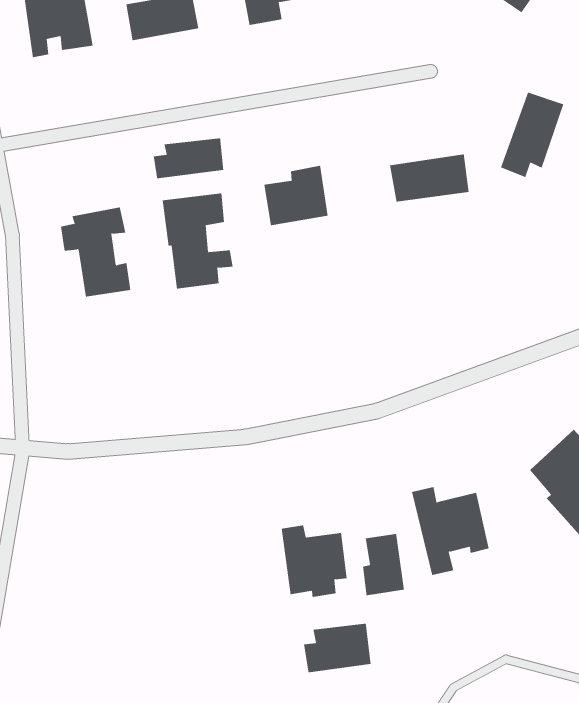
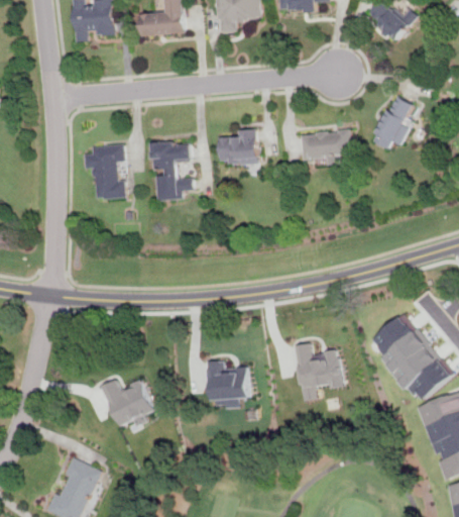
building: [153,138,224,179] -> none
building: [363,533,404,596] -> none
building: none -> [100,380,153,426]
building: [303,623,371,673] -> none

